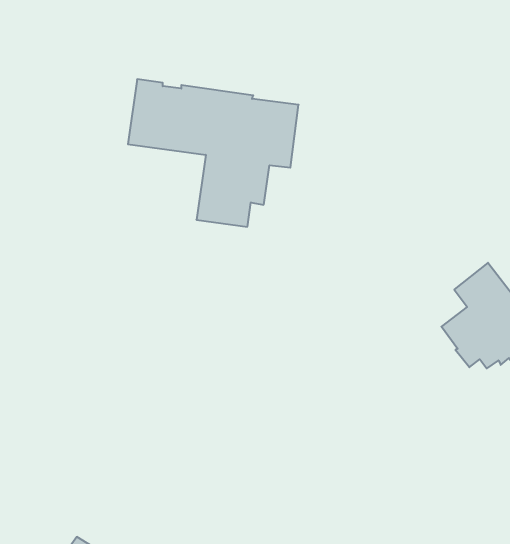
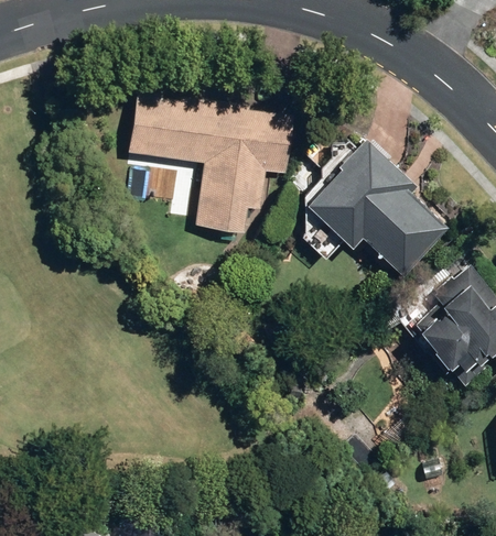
building: none -> [310,138,450,277]

